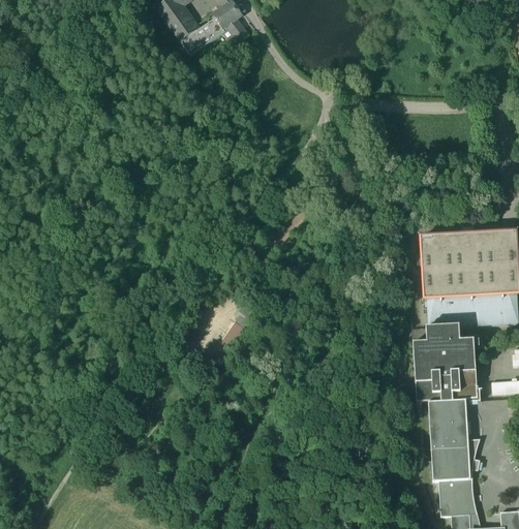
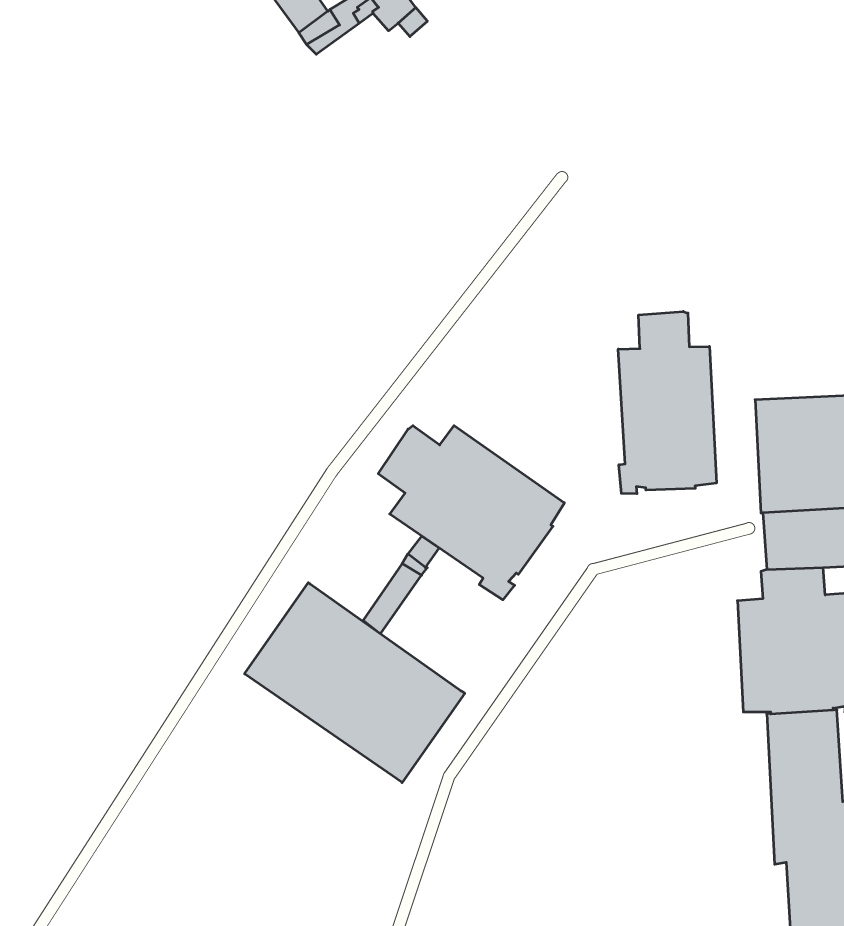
building: none -> [618,311,716,494]
building: none -> [378,426,564,600]
building: none -> [245,583,465,783]

